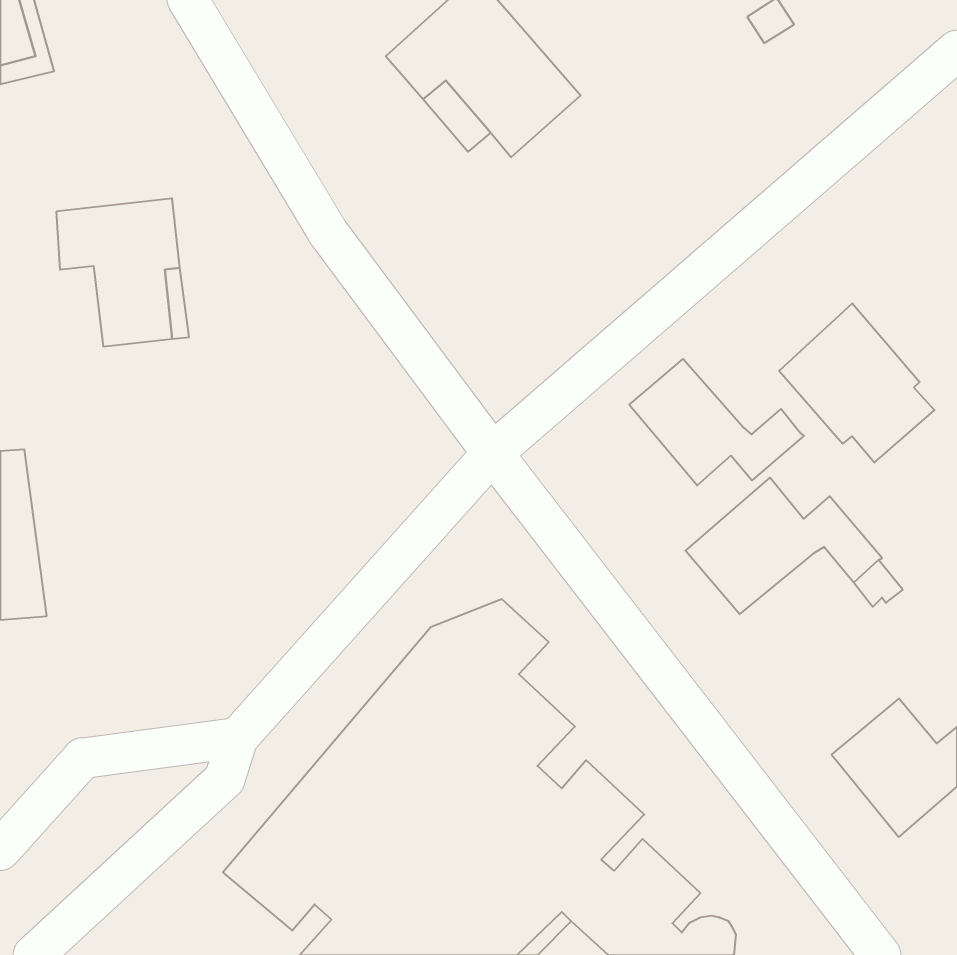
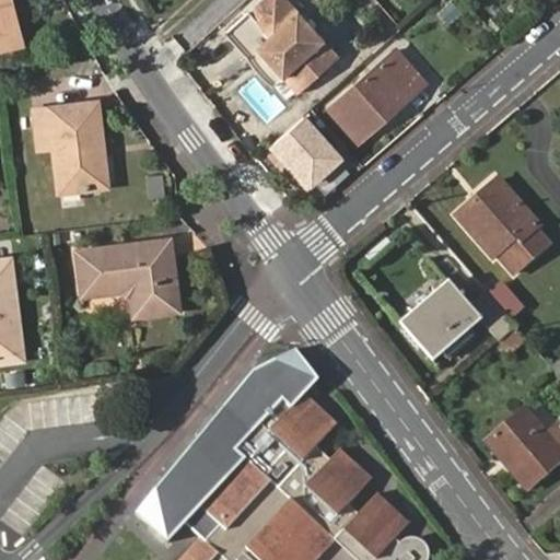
building: none -> [328,49,425,142]
building: none -> [273,116,340,188]
building: [629,359,804,486] -> none
building: none -> [82,243,180,310]

